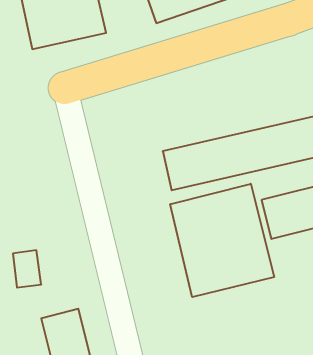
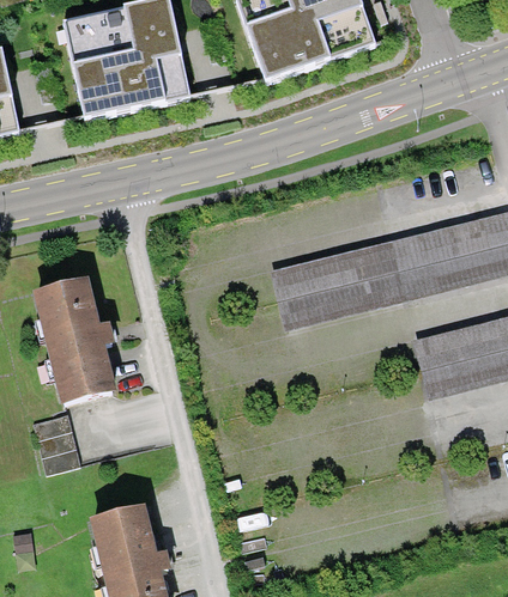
building: none -> [37,281,115,404]
building: [170,184,274,297] -> none

